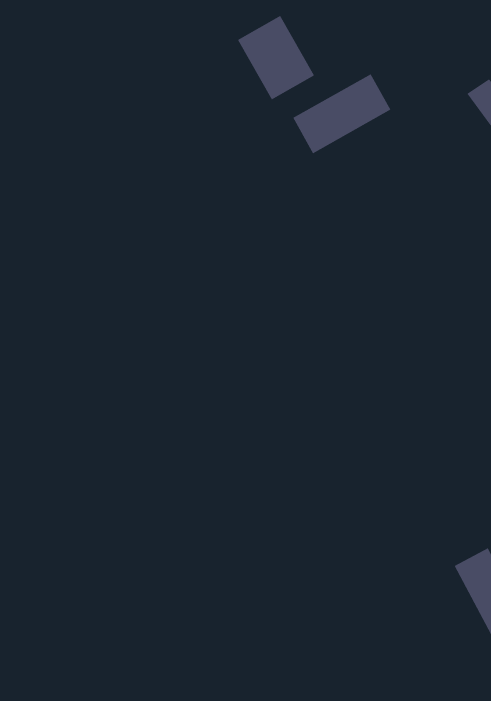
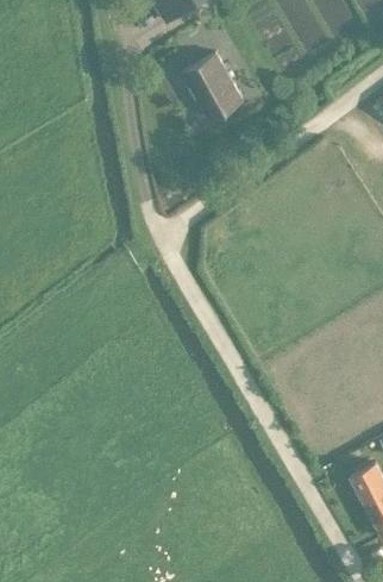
building: [293,73,391,154] -> none

